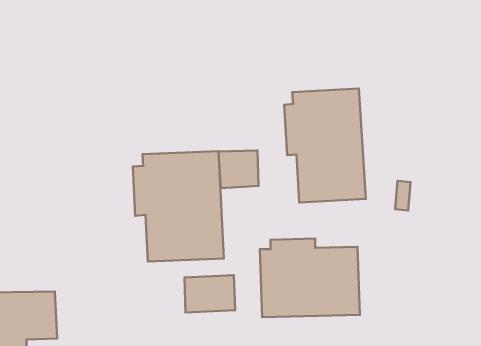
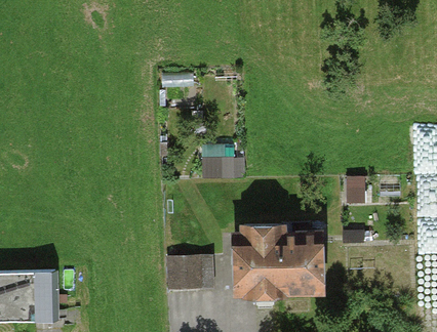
building: [284,88,366,202] -> none
building: [133,151,224,262] -> none

